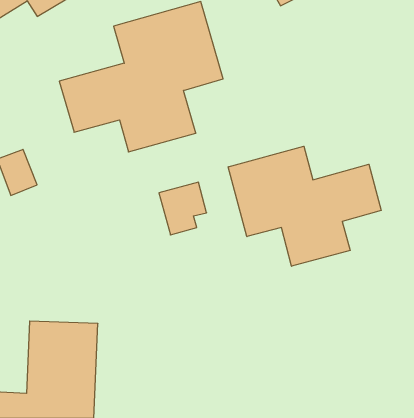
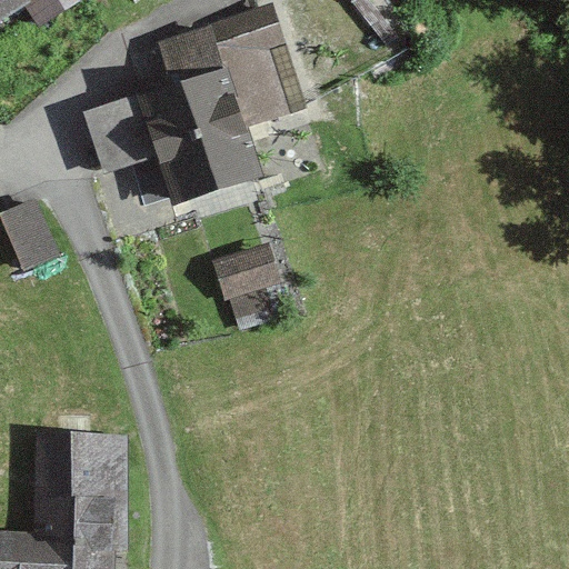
building: [228,146,381,266] -> none

